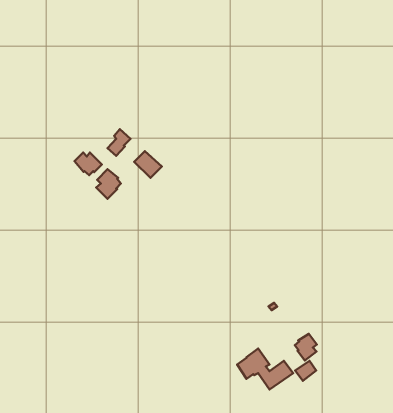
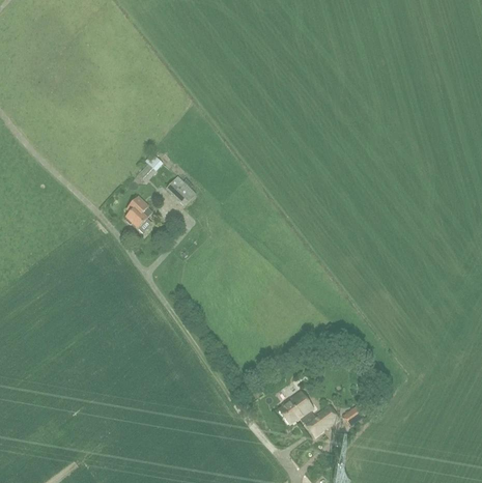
building: [74,152,102,175] -> none
building: [295,334,317,360] -> none

